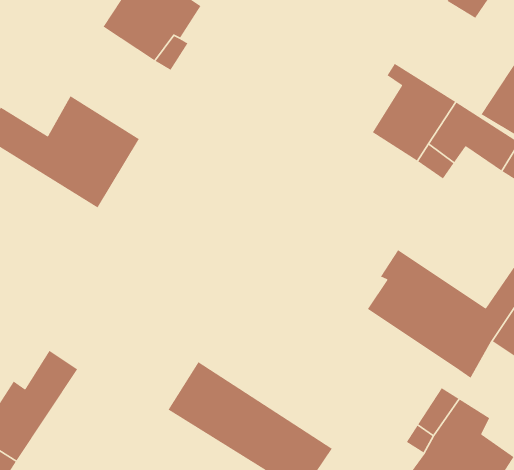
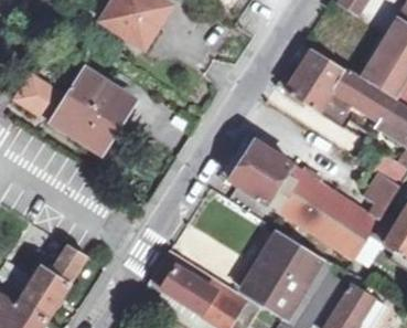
building: none -> [229,140,303,202]
building: none -> [239,233,320,317]

